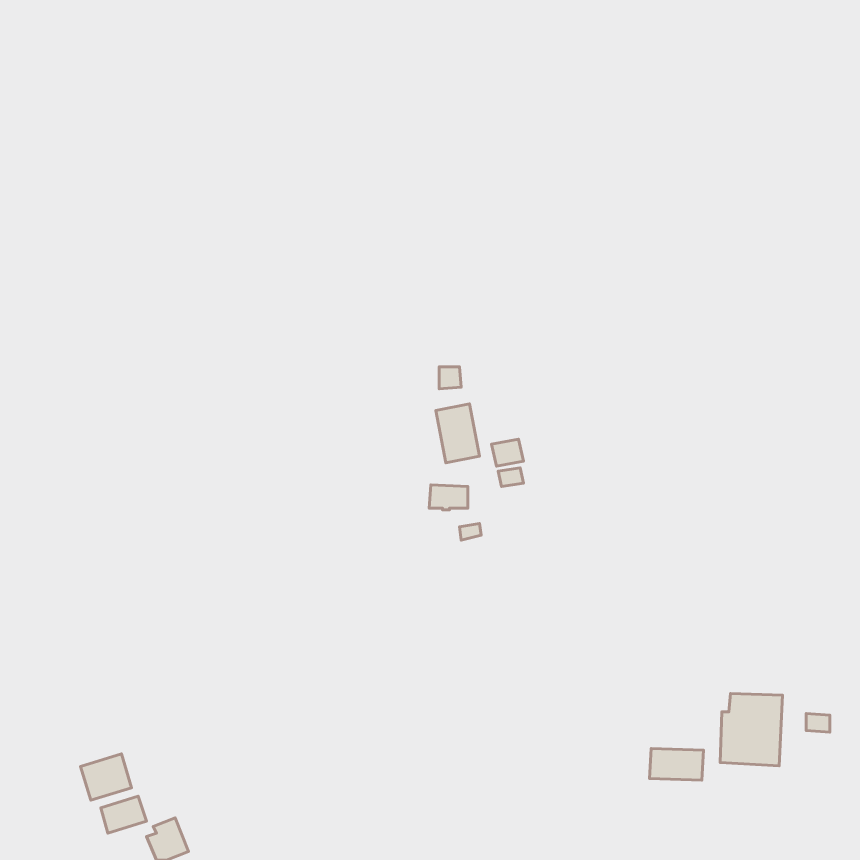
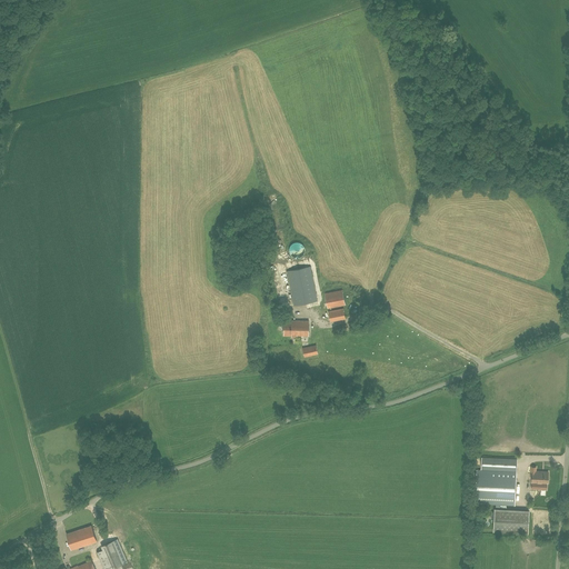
building: [649,748,703,780] -> [493,510,529,531]
building: [81,754,132,800] -> none

